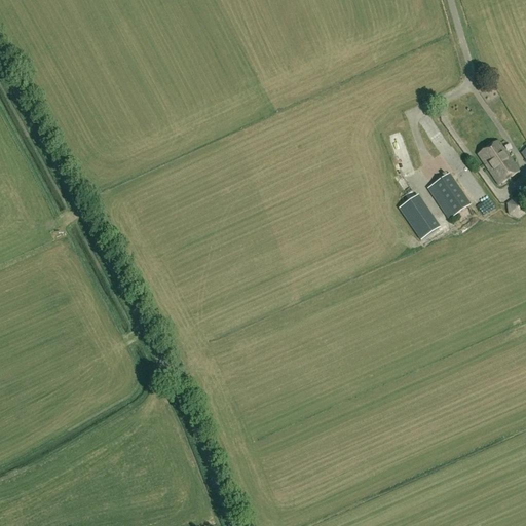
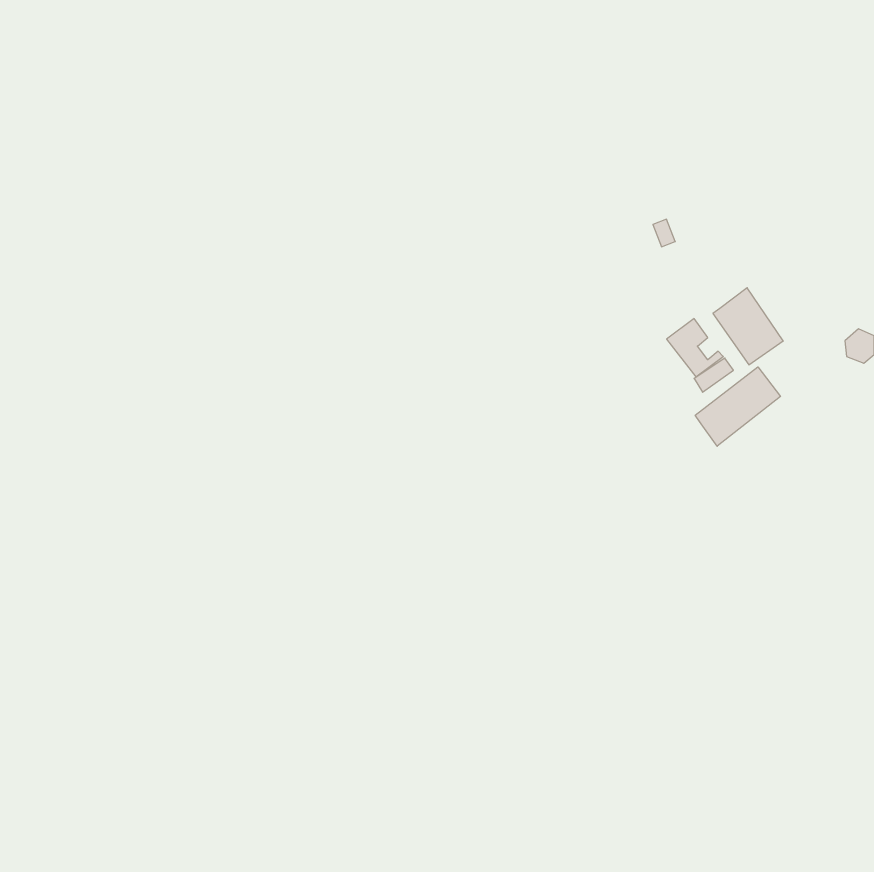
building: [478,140,519,185] -> none
building: none -> [695,367,780,446]

